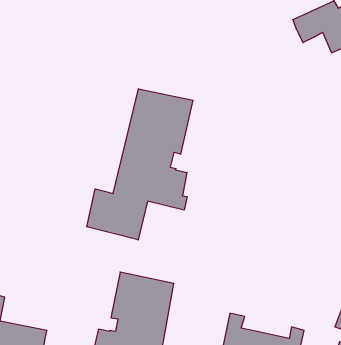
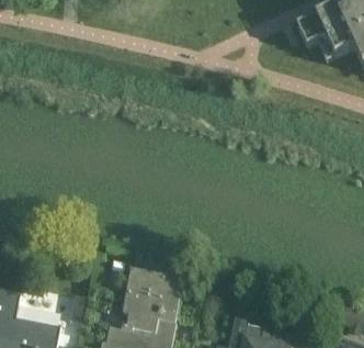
building: [87,89,193,240] -> none

